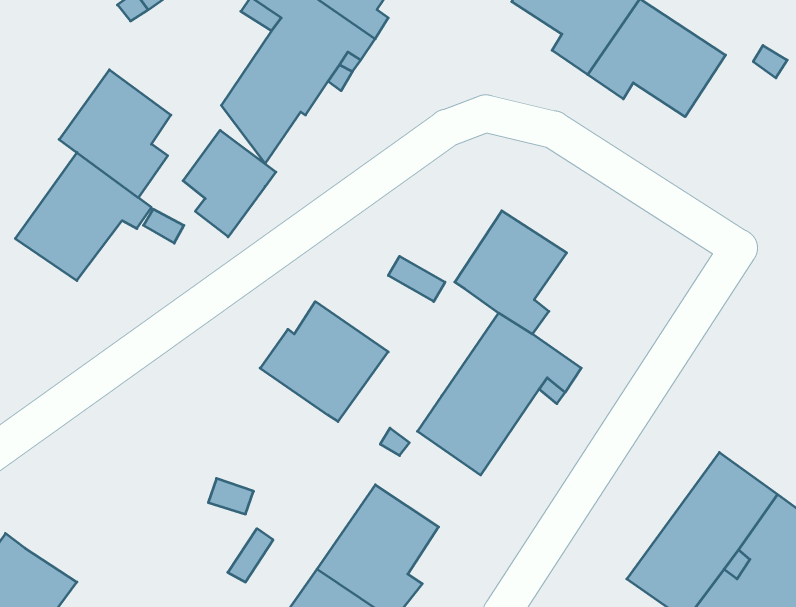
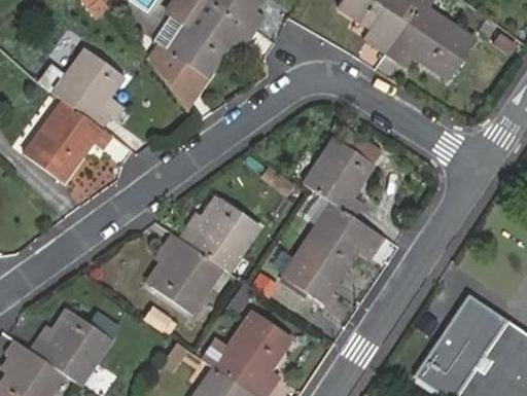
building: [183,130,276,237] -> none
building: none -> [147,233,222,312]
building: none -> [30,309,109,385]

